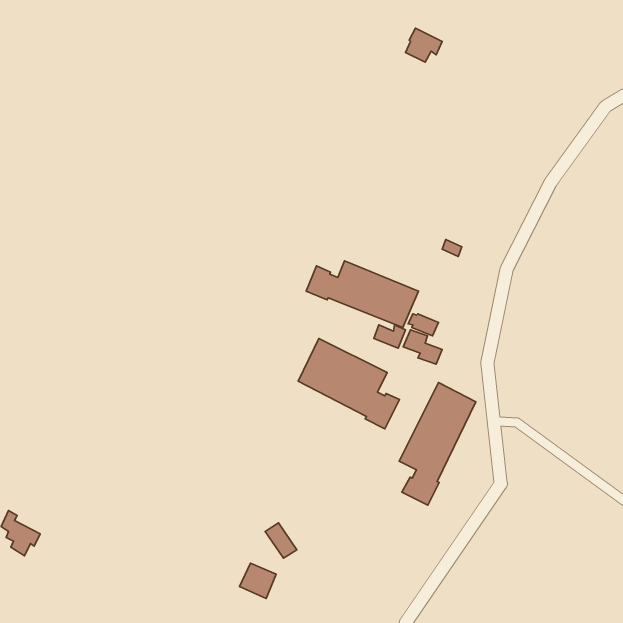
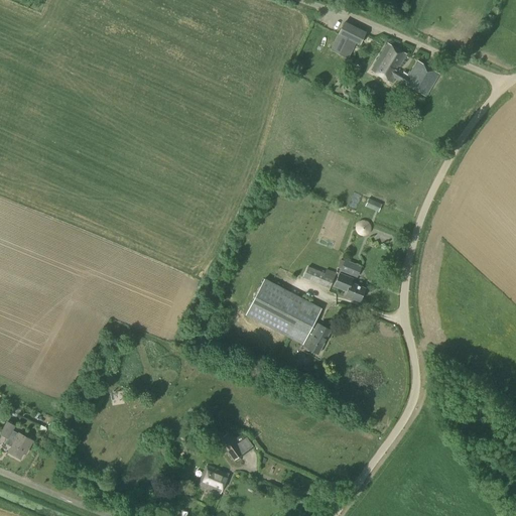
building: none -> [372,43,439,97]
building: [306,261,419,328] -> none
building: [399,382,476,505] -> none

